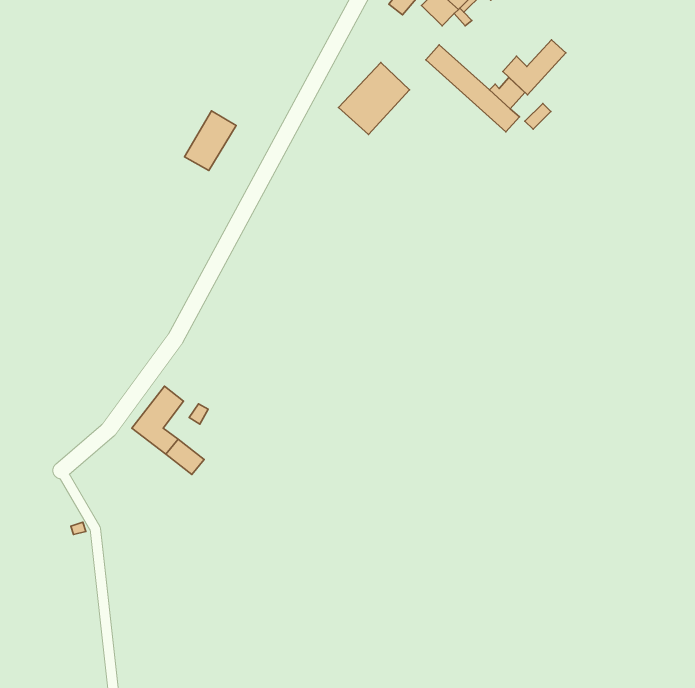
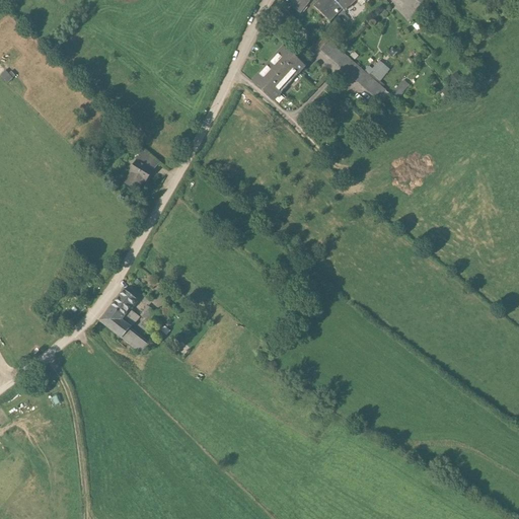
building: [503,40,566,95] -> none
building: [184,111,236,171] -> [122,148,160,193]

